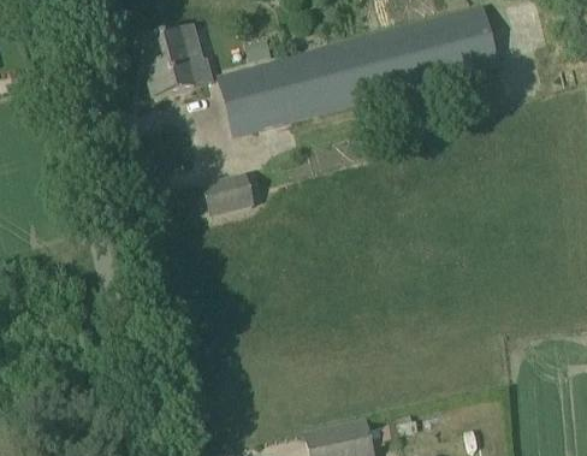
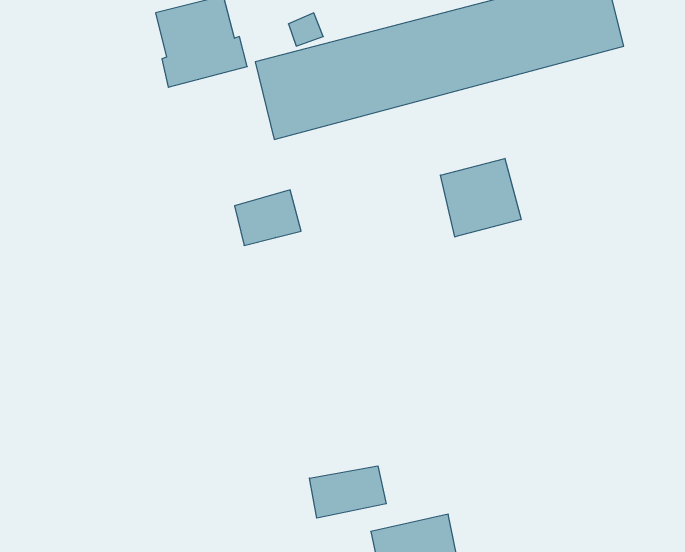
building: none -> [440,158,521,237]
building: none -> [309,466,386,518]

